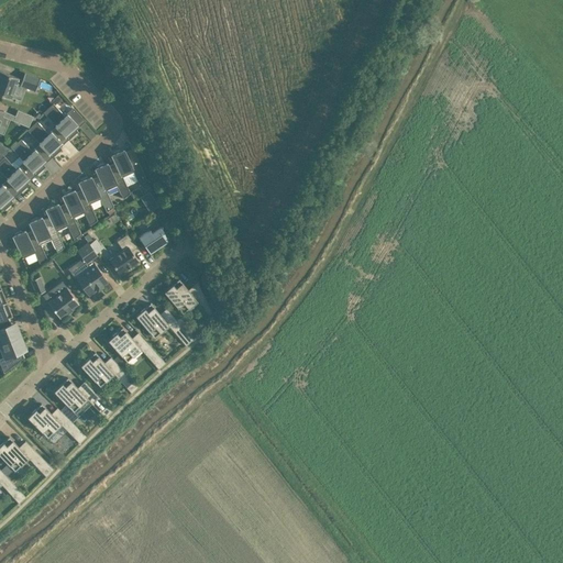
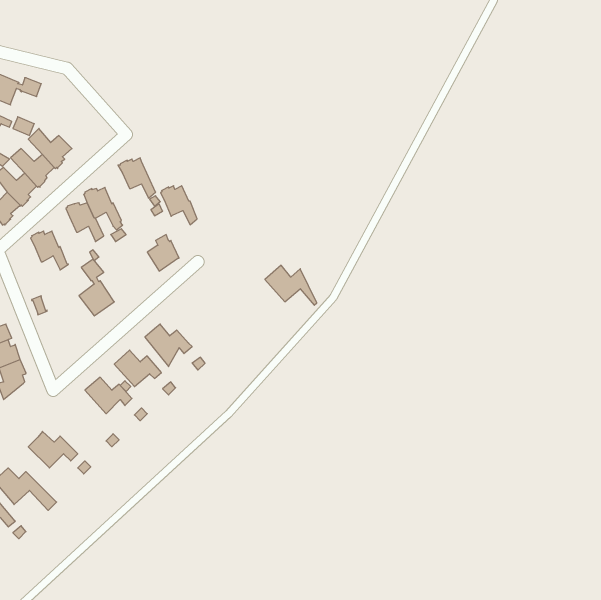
building: [42,97,84,142] -> none
building: [95,164,129,200] -> [161,186,197,225]
building: [45,205,80,241] -> none
building: [12,231,46,266] -> none
building: [108,234,137,276] -> none
building: [163,280,211,318] -> [265,265,317,305]
building: [44,285,77,319] -> none
building: [53,379,97,413] -> none

